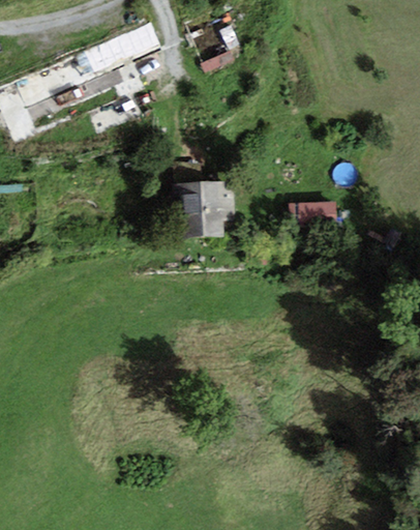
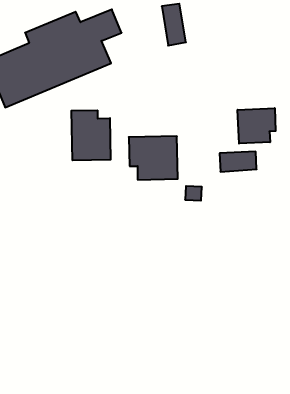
building: none -> [238,108,276,144]
building: none -> [71,110,111,160]

